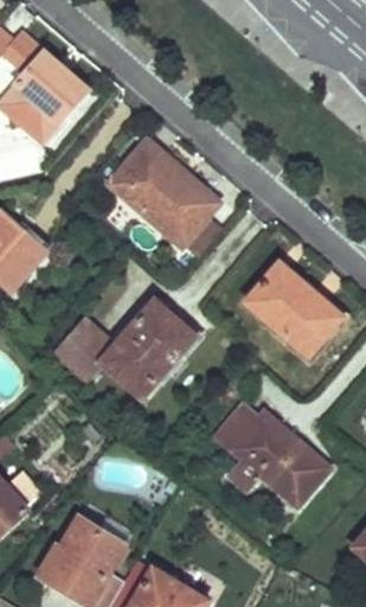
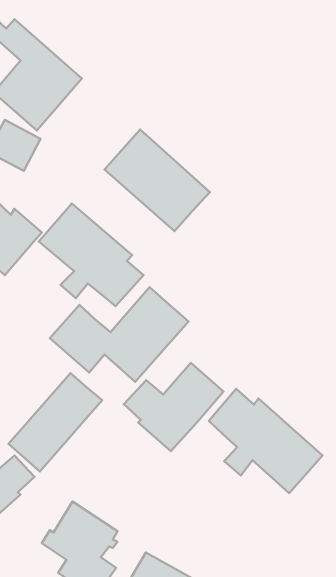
building: none -> [39,204,143,306]
building: [249,268,334,353] -> none
building: none -> [124,363,223,451]
building: none -> [8,373,102,472]

